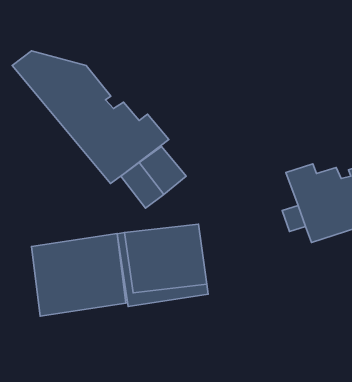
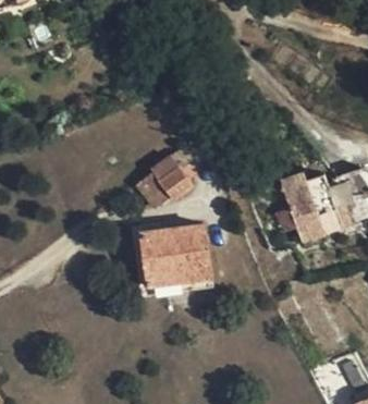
building: [12,51,169,184] -> none
building: [31,234,126,316] -> none

